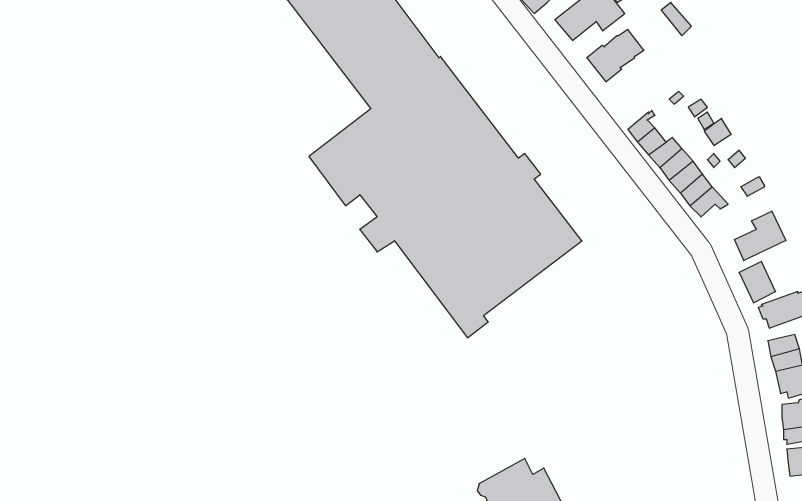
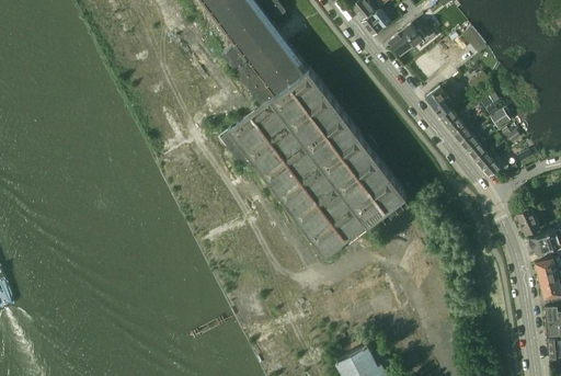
building: none -> [426,86,454,118]
building: [735,211,786,261] -> none

